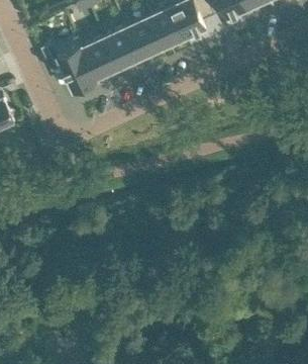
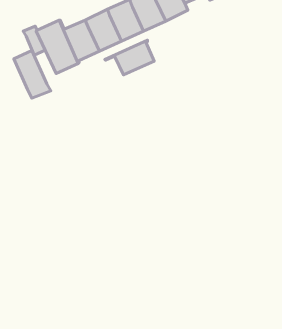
building: none -> [105,40,154,75]
building: none -> [14,51,51,98]

